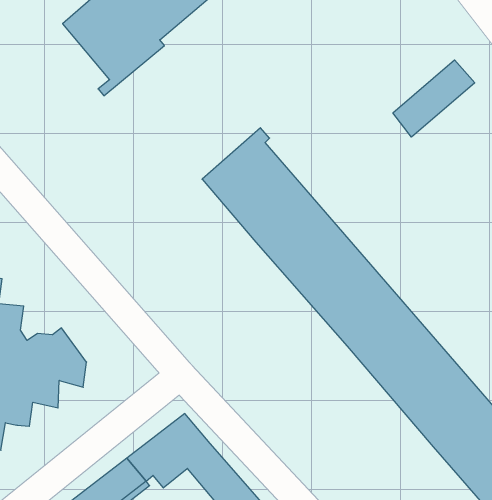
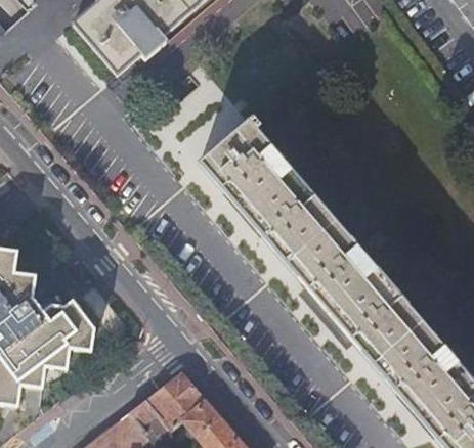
building: [393,60,475,137] -> none

